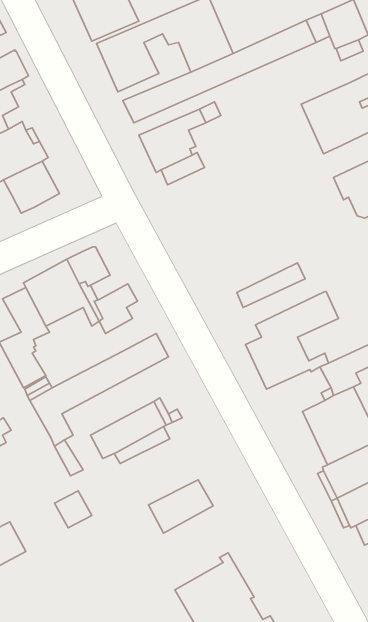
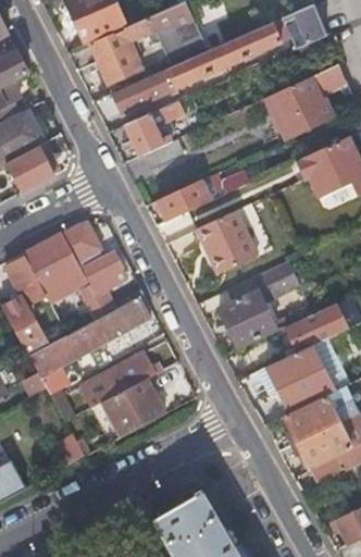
building: none -> [155,169,252,220]
building: none -> [196,206,263,261]
building: [149,480,213,533] -> [108,389,164,436]

